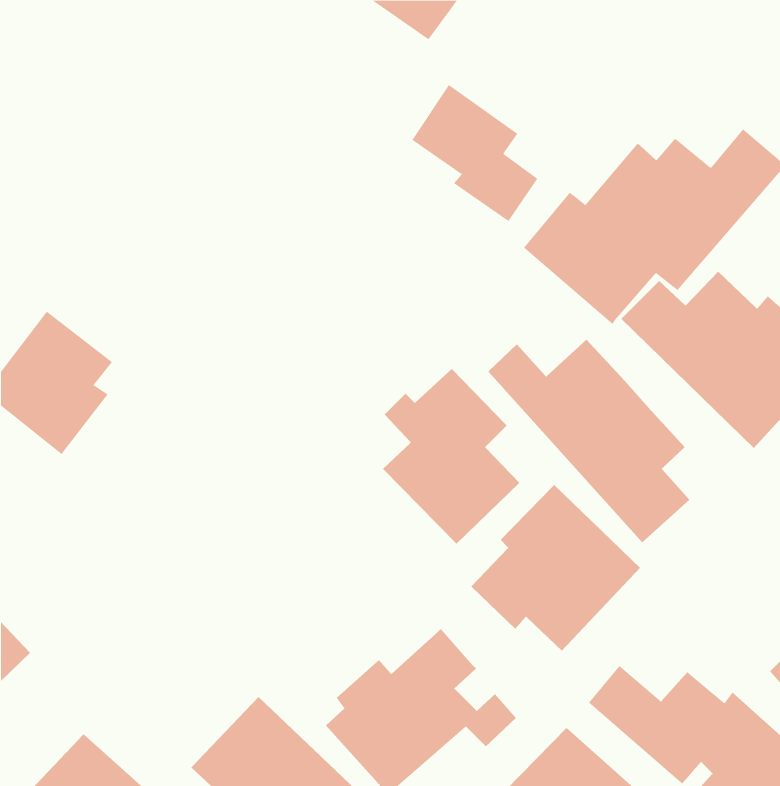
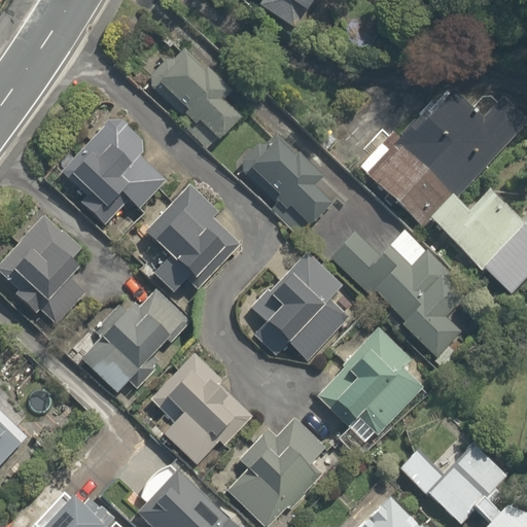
building: none -> [154,48,249,157]
building: [411,84,538,222] -> [245,136,329,227]
building: none -> [62,100,172,229]
building: none -> [143,183,246,291]
building: none -> [81,287,183,391]
building: none -> [152,348,259,465]

